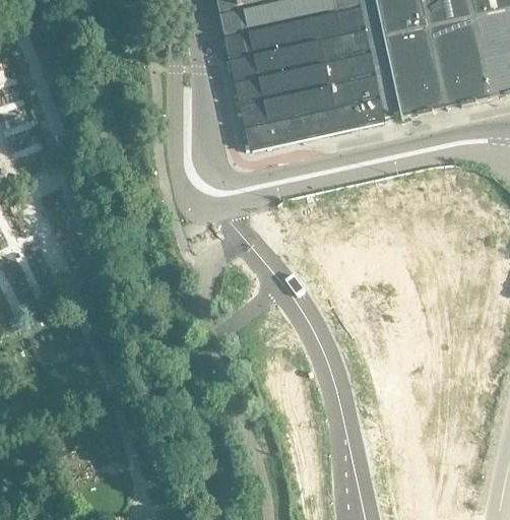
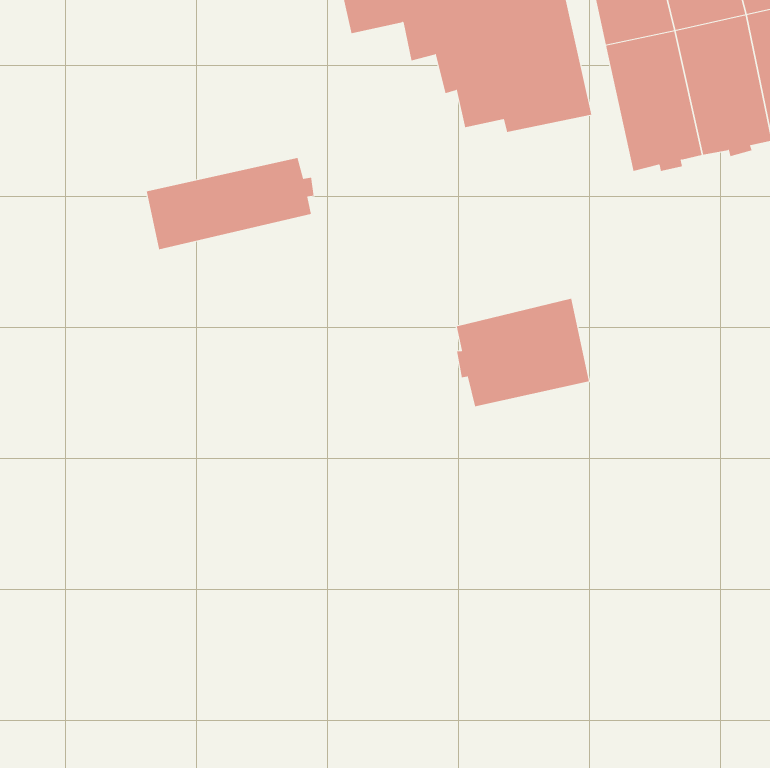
building: [225,22,384,148] -> none
building: none -> [146,157,314,250]
building: none -> [456,298,589,407]

